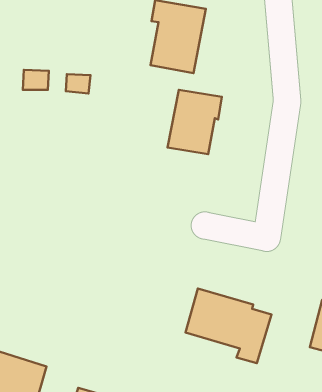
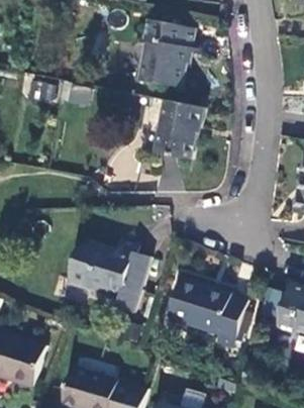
building: none -> [71,239,150,313]

